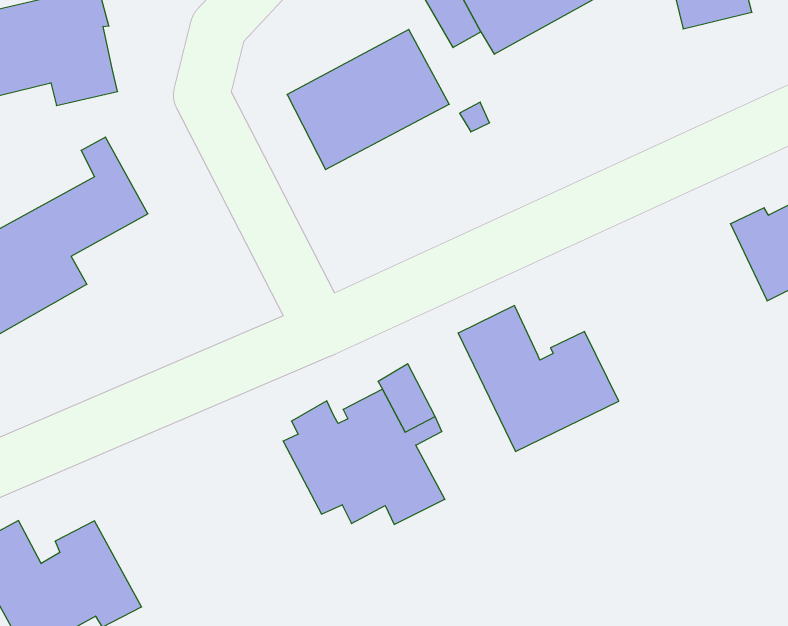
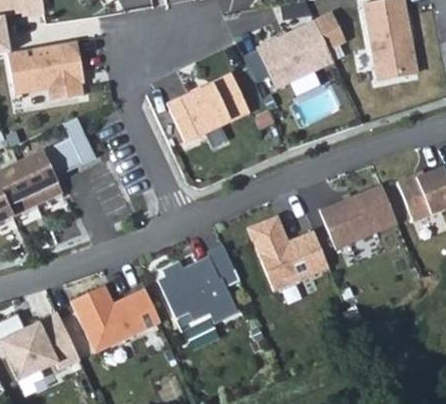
building: none -> [319,185,395,249]
building: none -> [70,285,159,352]

